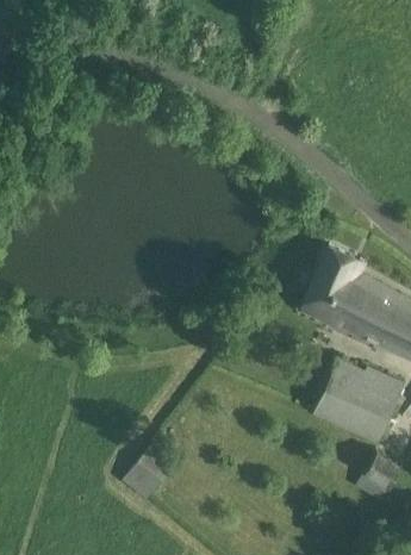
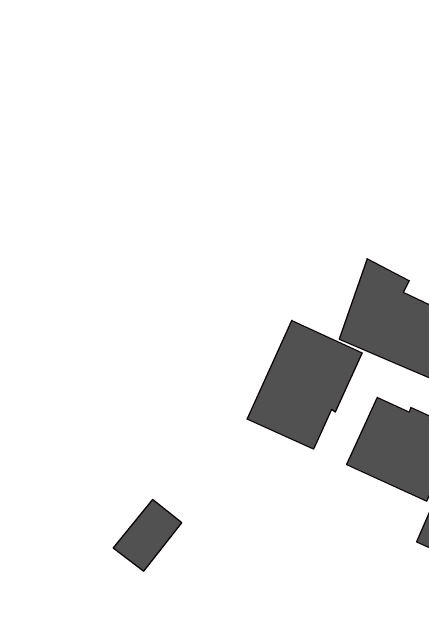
building: none -> [247,320,362,449]

